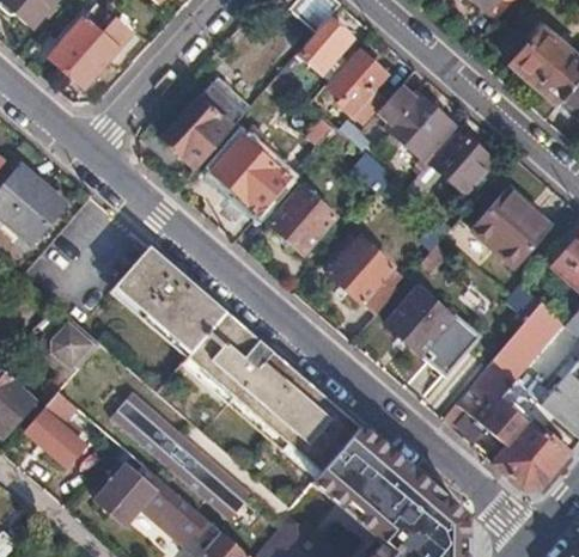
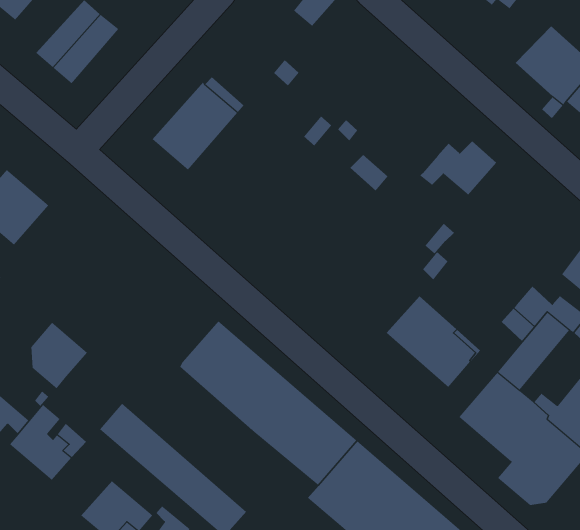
building: [301,20,349,75] -> none
building: [325,49,386,122] -> none
building: [377,87,452,171] -> none
building: [212,137,291,214] -> none
building: [270,188,334,252] -> none
building: [471,188,550,268] -> none
building: [328,238,394,314] -> none
building: [115,246,226,351] -> none

